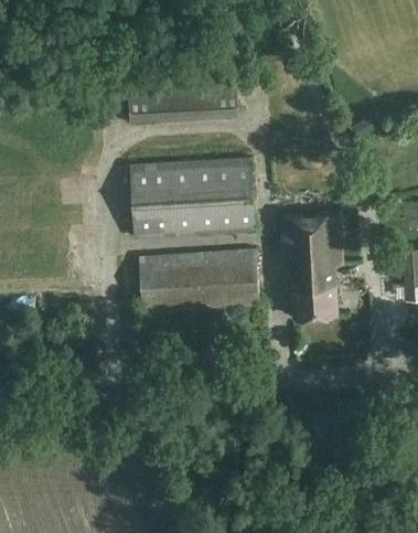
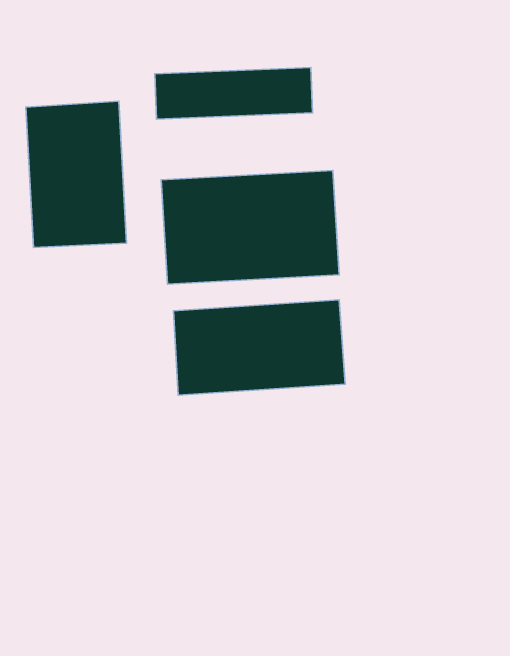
building: none -> [26,101,127,248]
building: [282,214,342,318] -> none

